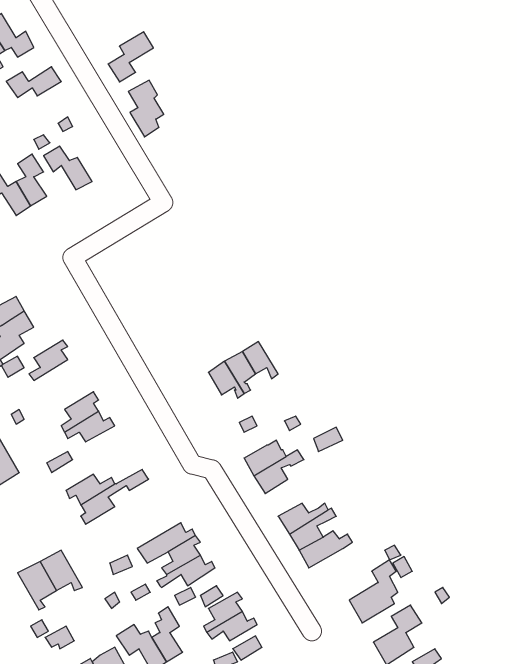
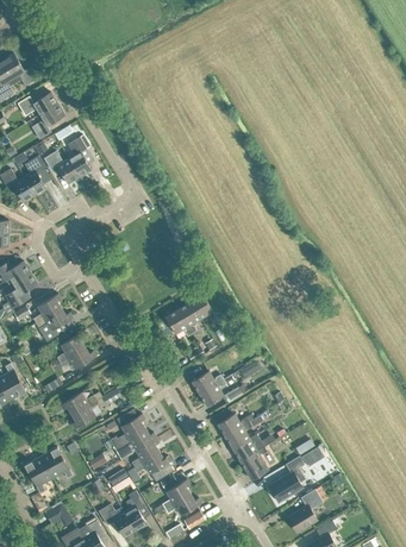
building: [108,32,153,82] -> [31,103,64,140]
building: [128,80,164,137] -> [68,136,94,177]
building: none -> [37,308,74,341]
building: none -> [110,410,145,447]
building: none -> [239,447,269,480]

